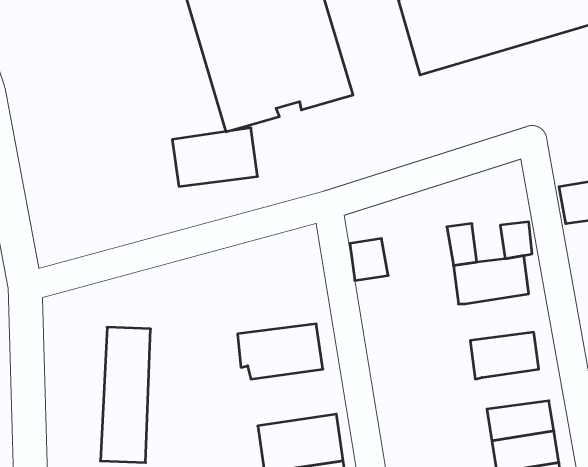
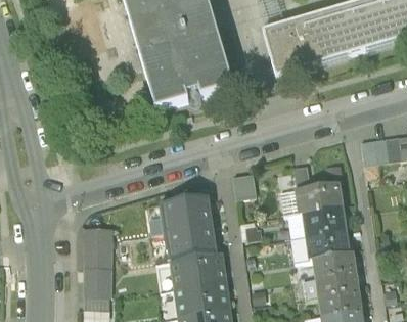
building: [172,128,258,186] -> [160,197,212,233]
building: none -> [303,209,345,237]
building: none -> [172,254,224,289]
building: none -> [313,255,354,279]

